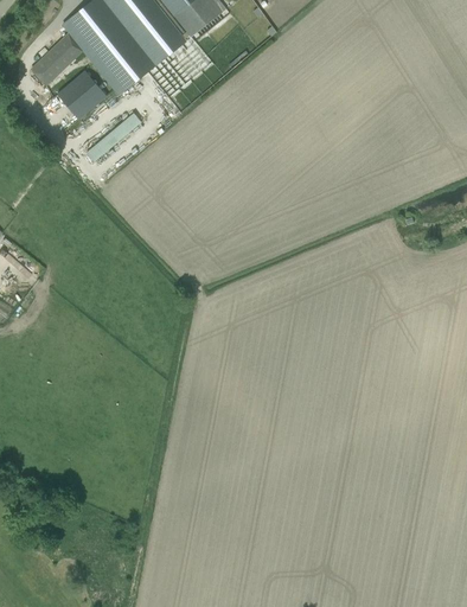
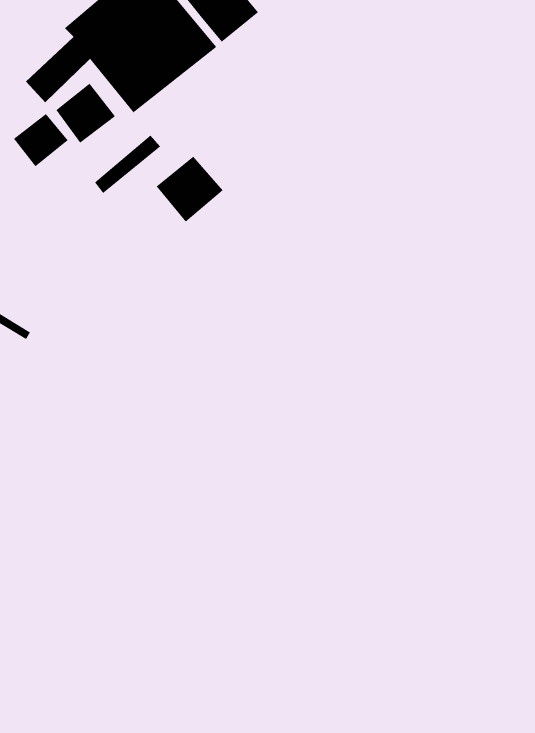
building: none -> [13,113,69,167]
building: none -> [156,156,224,223]

